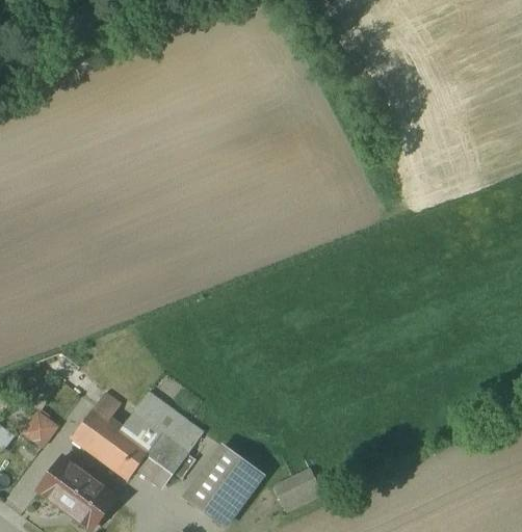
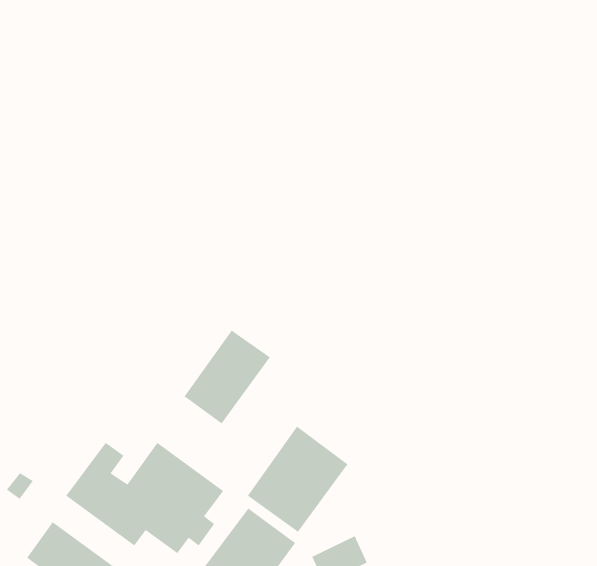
building: none -> [184,329,271,424]
building: none -> [247,426,348,533]

